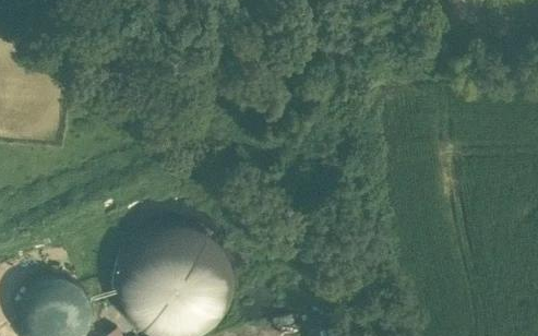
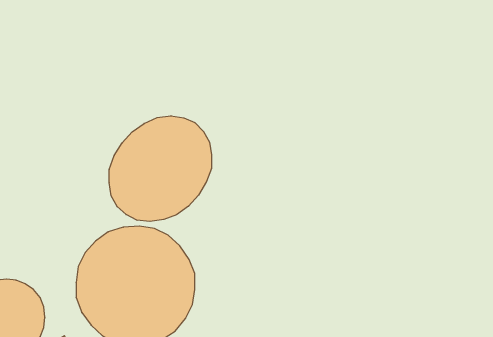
building: none -> [109,116,212,221]

